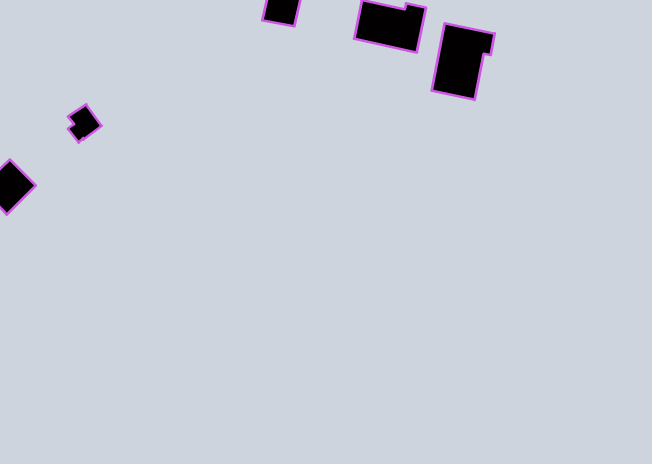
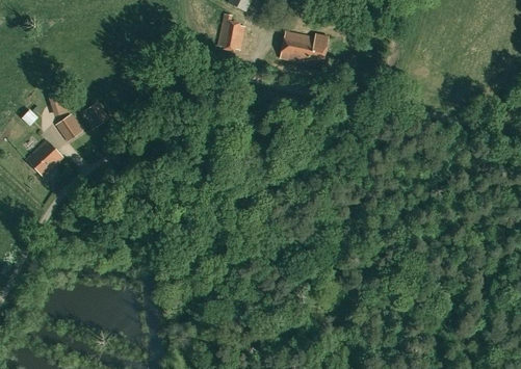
building: [432,23,495,100] -> none
building: none -> [55,113,84,142]

